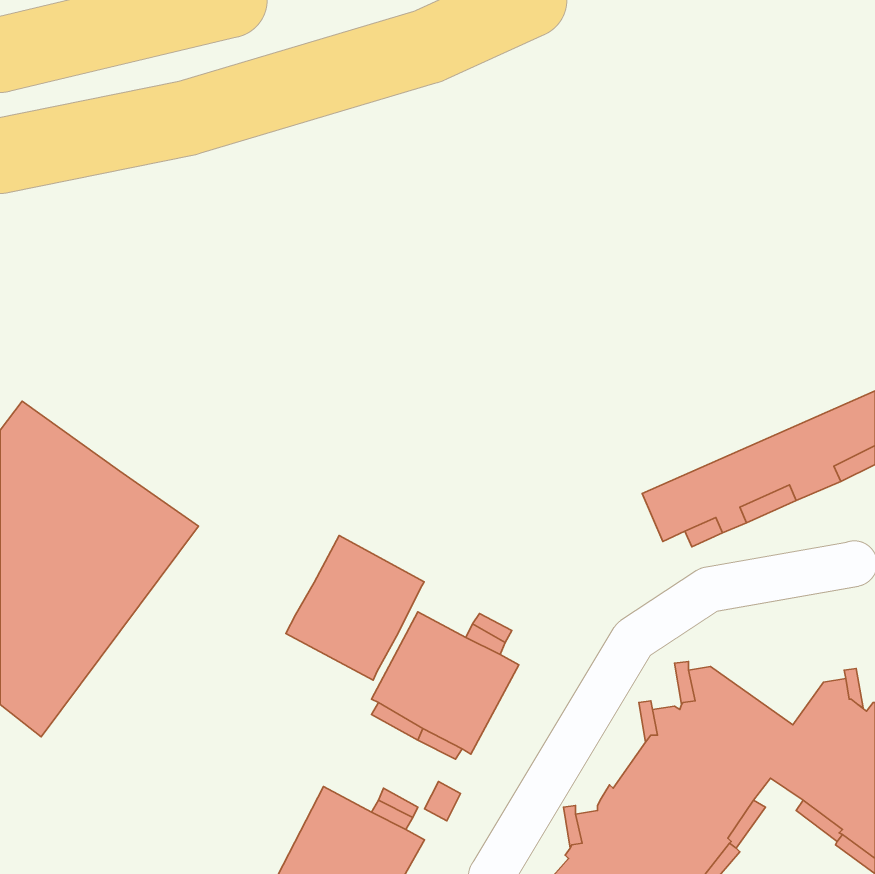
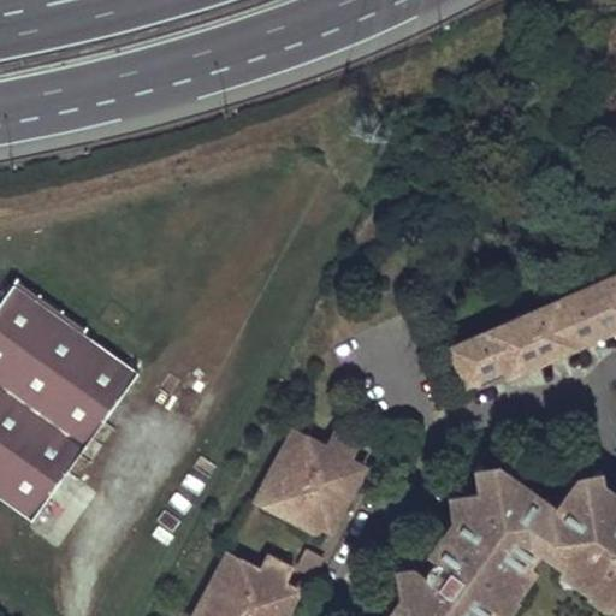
building: [286,536,424,680] -> none

